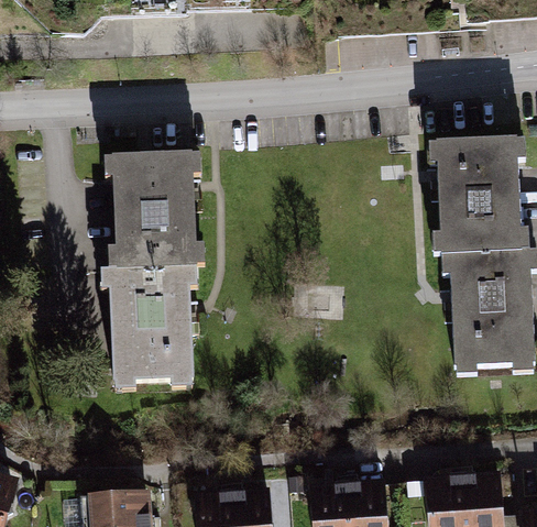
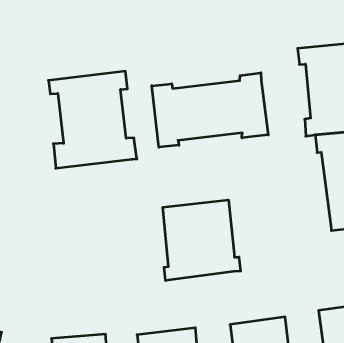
building: none -> [152,73,268,147]
building: [103,267,204,395] -> none
building: none -> [163,200,241,281]

